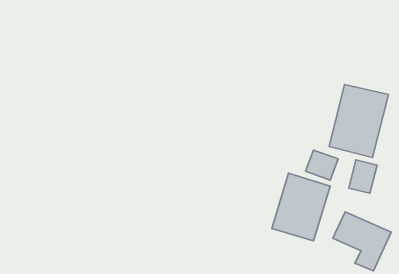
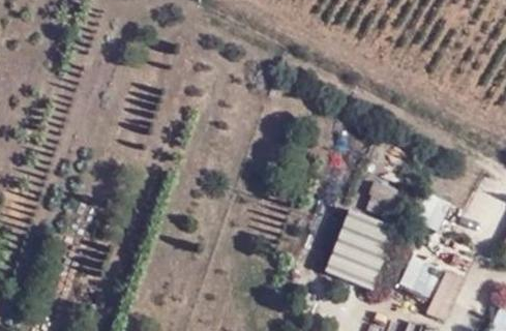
building: [329,84,388,157] -> none

